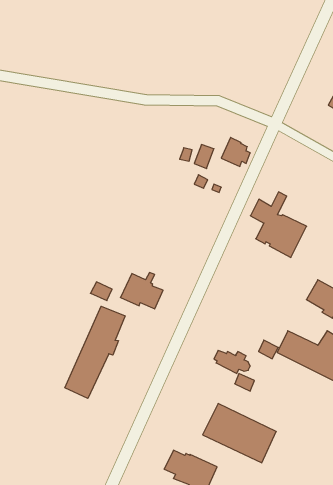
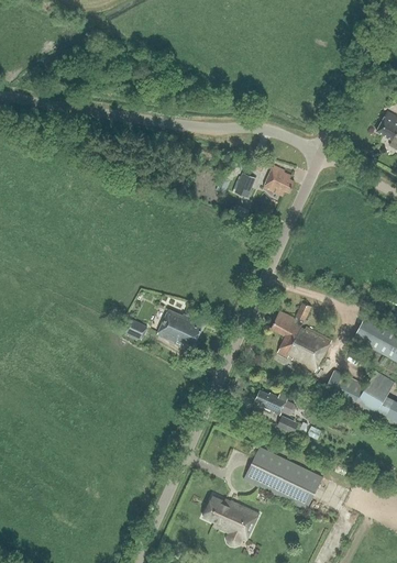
building: [250,192,307,257] -> [272,302,331,372]
building: [65,306,125,398] -> none

